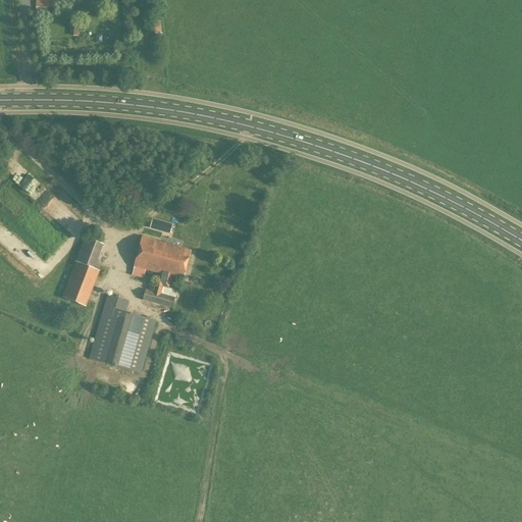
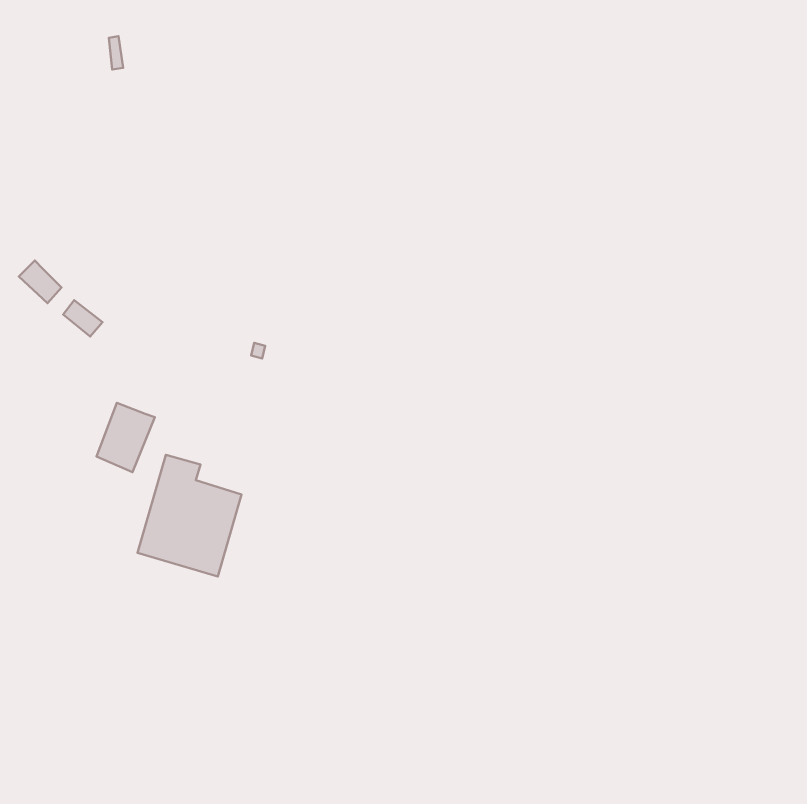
building: [75,236,103,267] -> none
building: [135,236,191,306] -> none

